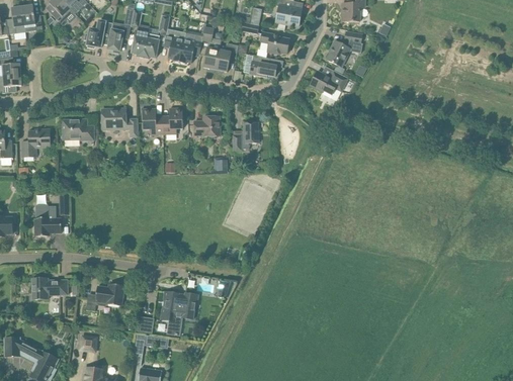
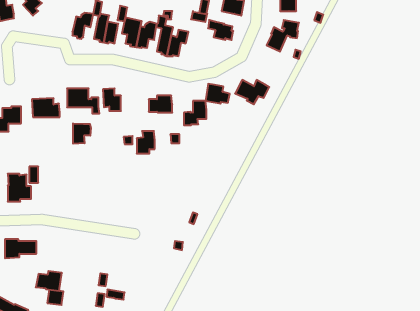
building: [84,20,112,47] -> none
building: [249,55,276,77] -> [205,84,230,104]
building: [309,70,347,97] -> [235,80,269,104]
building: [162,108,182,133] -> [137,131,155,154]
building: none -> [73,123,91,144]
building: [94,283,123,305] -> [36,271,62,291]
building: [160,291,197,335] -> none

